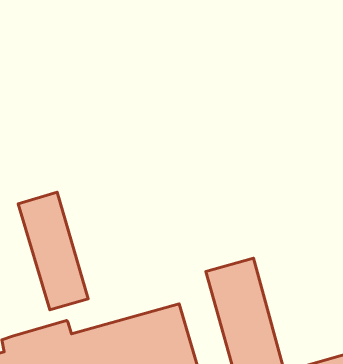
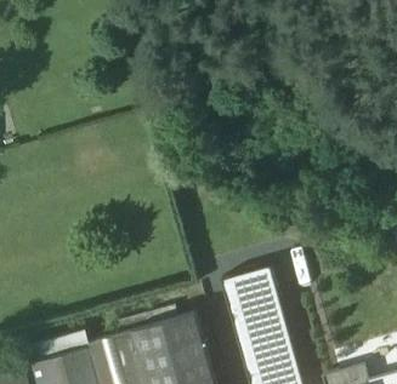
building: [18,192,88,310] -> none

